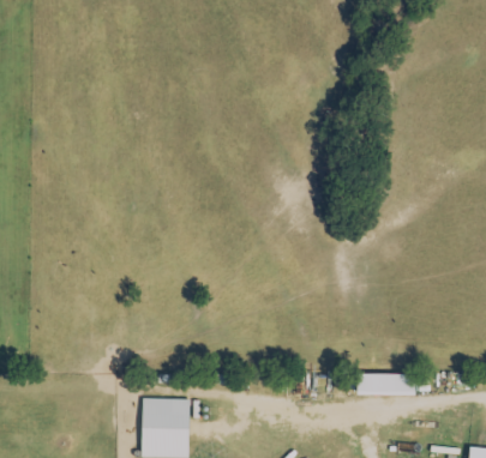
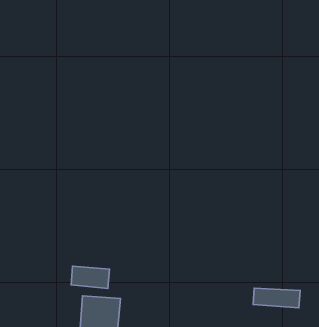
building: none -> [71,266,109,288]

